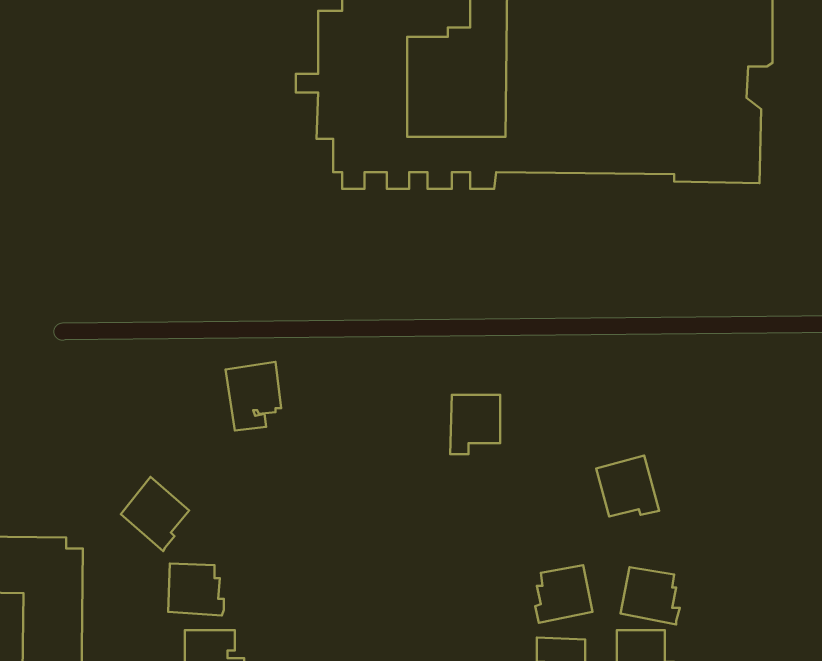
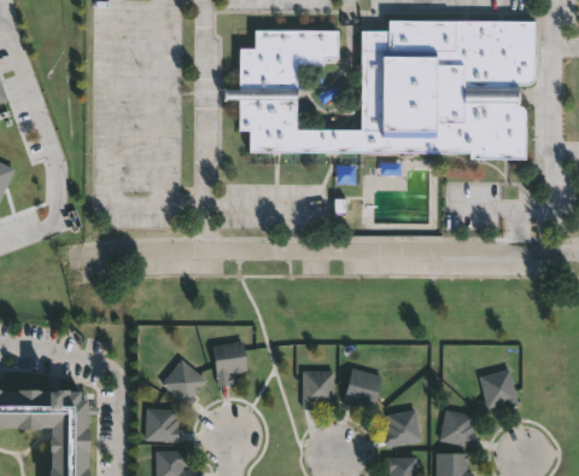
building: [225,362,281,431] -> [210,341,246,385]
building: [450,395,500,454] -> [300,371,333,410]
building: [596,455,659,517] -> [478,368,519,408]
building: [121,477,189,551] -> [160,359,205,407]
building: none -> [341,367,382,408]

